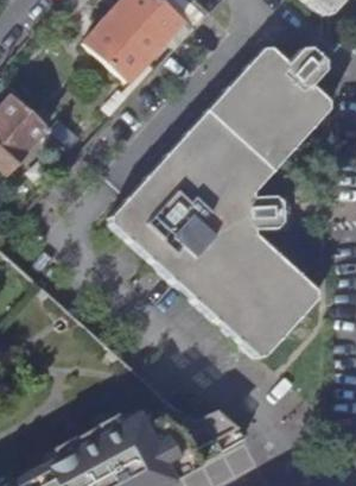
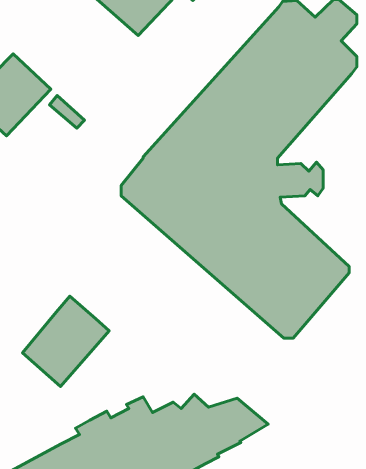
building: none -> [22,296,109,387]

